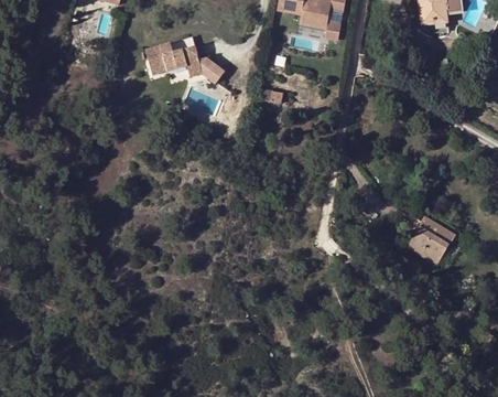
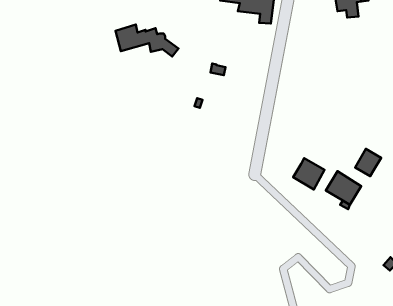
building: none -> [355,149,381,176]
building: none -> [293,158,325,189]

